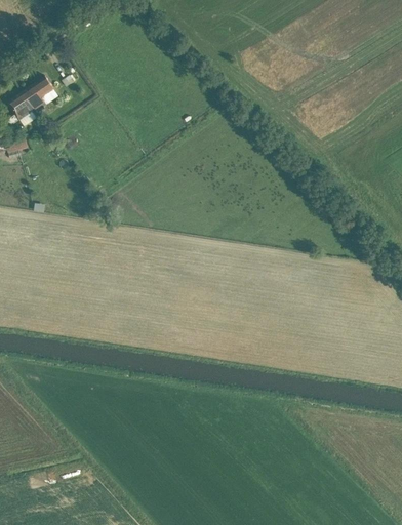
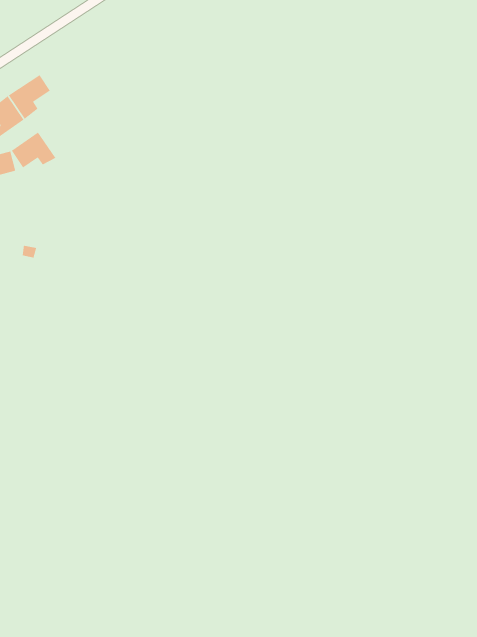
building: none -> [11,131,56,168]

